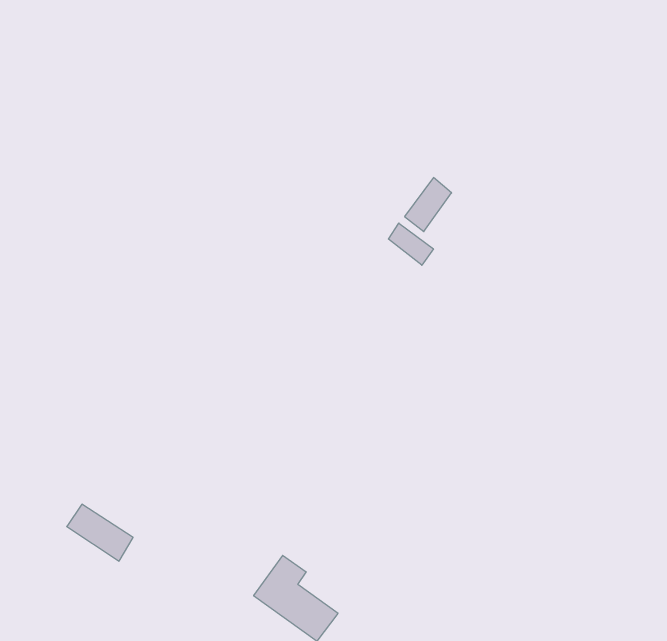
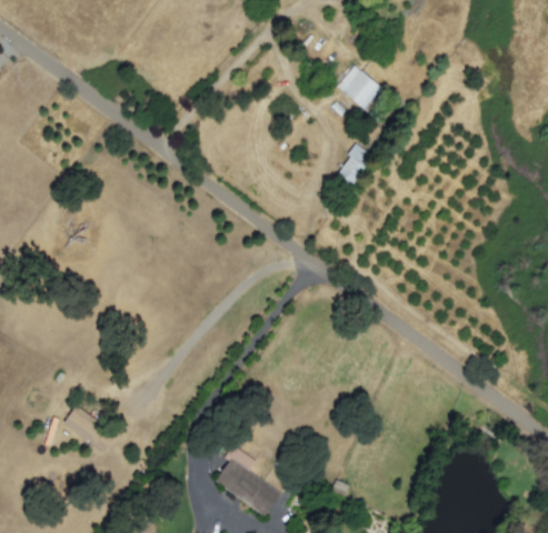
building: none -> [337,66,381,109]
building: [388,223,433,265] -> none

